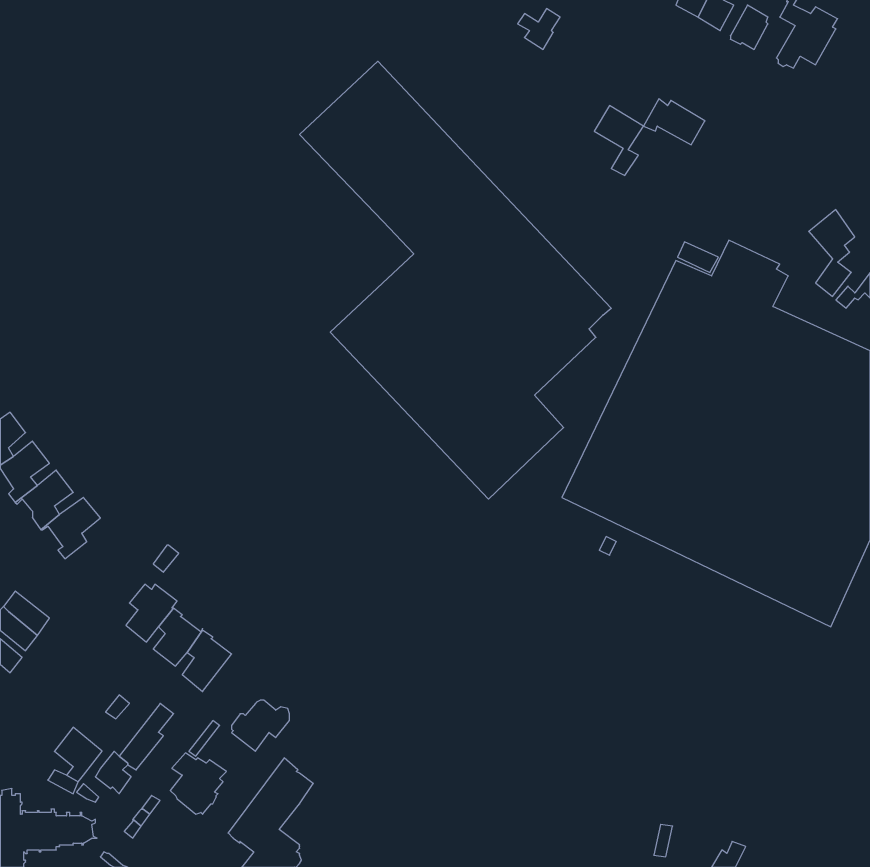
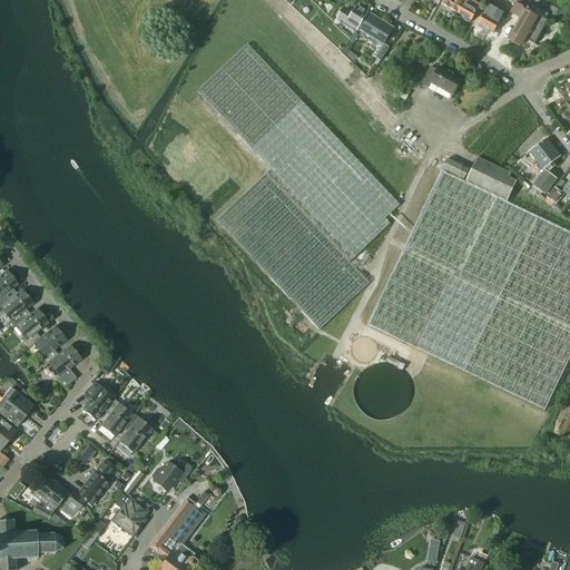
building: [594,106,644,175] -> [361,13,393,59]
building: none -> [42,344,80,386]

